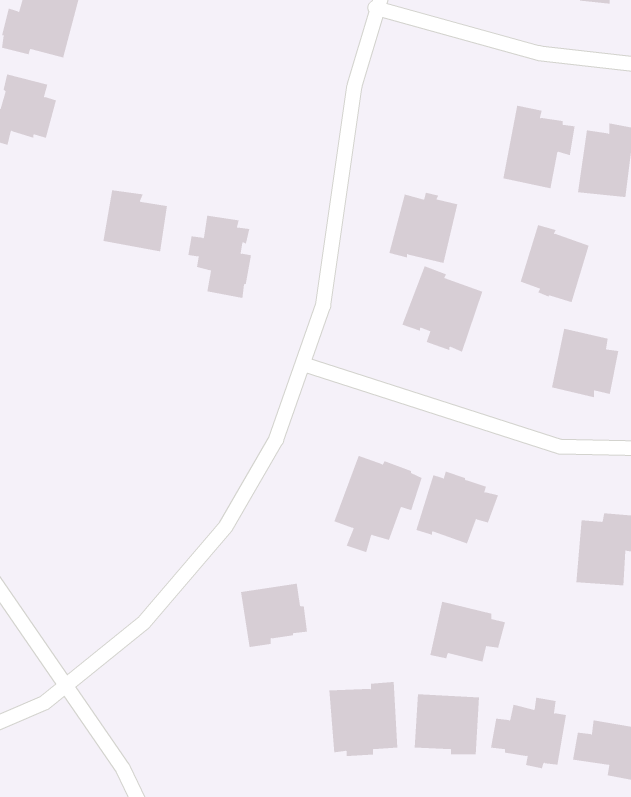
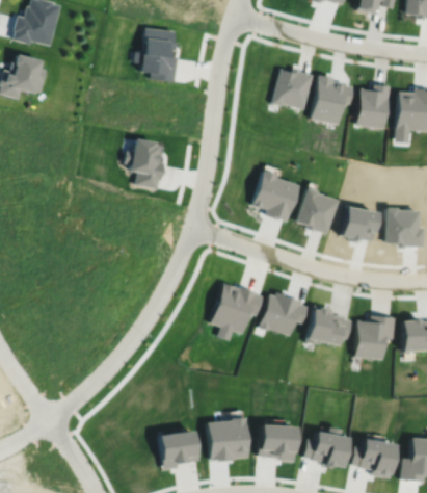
building: none -> [134,27,178,81]
building: [103,190,168,252] -> none
building: [389,192,458,263] -> [272,66,314,108]
building: [520,225,590,303] -> [295,187,337,234]
building: [240,583,308,648] -> [160,431,201,469]
building: [429,601,506,662] -> [305,309,351,345]

